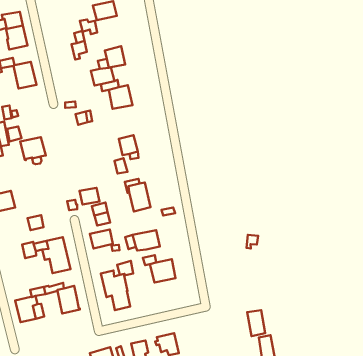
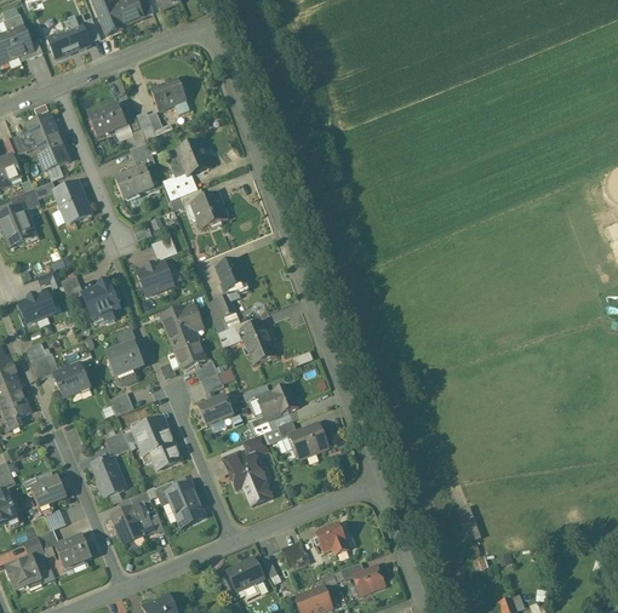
building: none -> [88,103,126,136]
building: none -> [115,166,154,200]
building: none -> [137,260,173,294]
building: none -> [161,304,200,349]
building: none -> [107,342,143,377]
building: none -> [91,454,126,497]
building: [247,310,265,336] -> none

